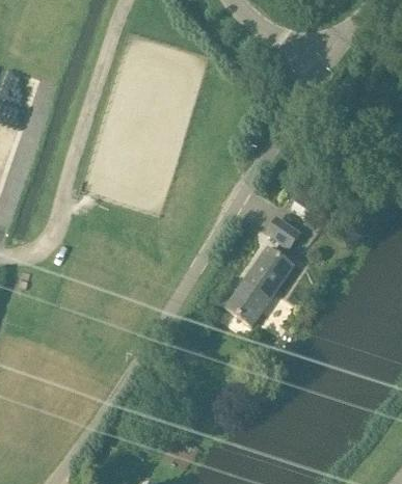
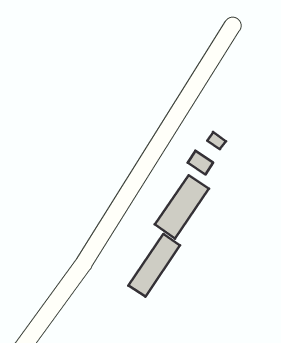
building: none -> [128,234,180,297]

